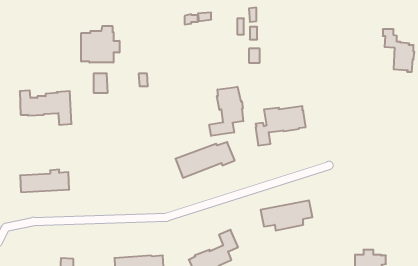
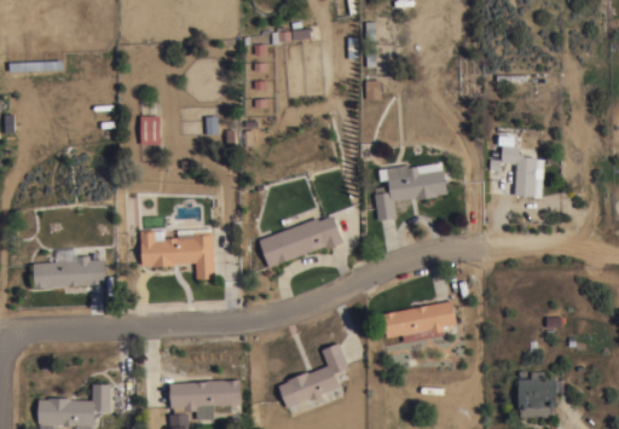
building: [81,26,119,63] -> none
building: [383,29,414,72] -> [499,138,545,199]
building: [209,87,243,136] -> none
building: [20,90,72,125] -> [140,231,215,280]

